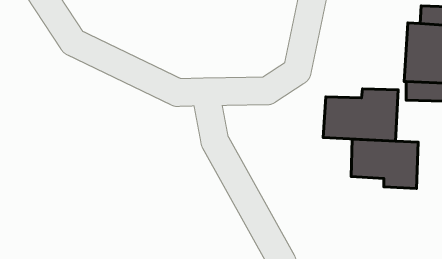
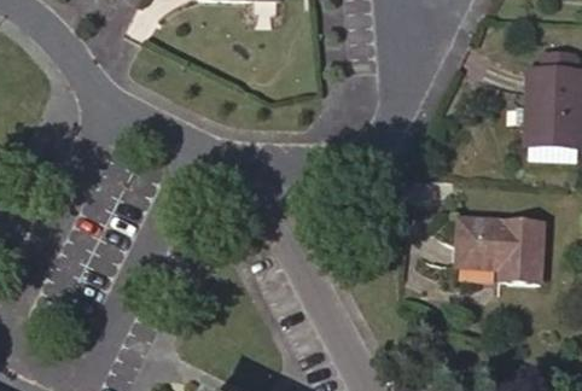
building: [323,89,398,141] -> none

